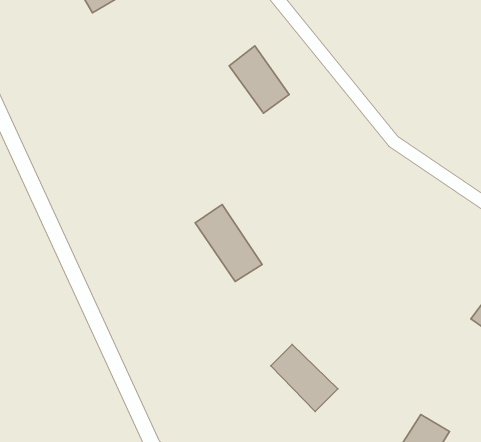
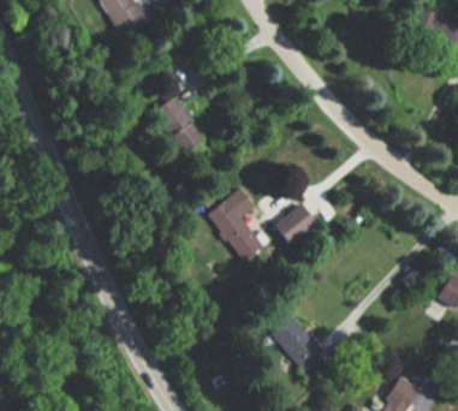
building: [229,46,289,113] -> [154,95,204,151]
building: none -> [273,202,317,245]

